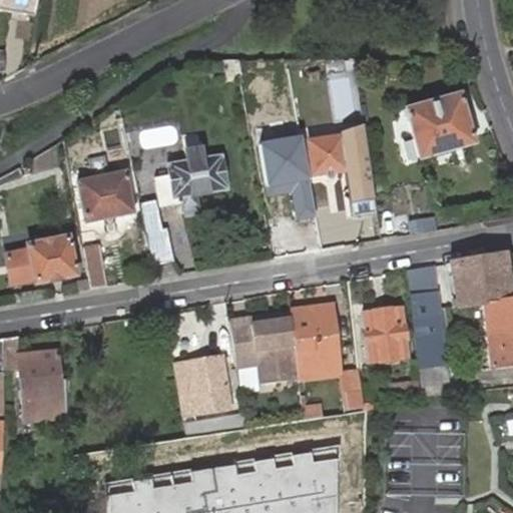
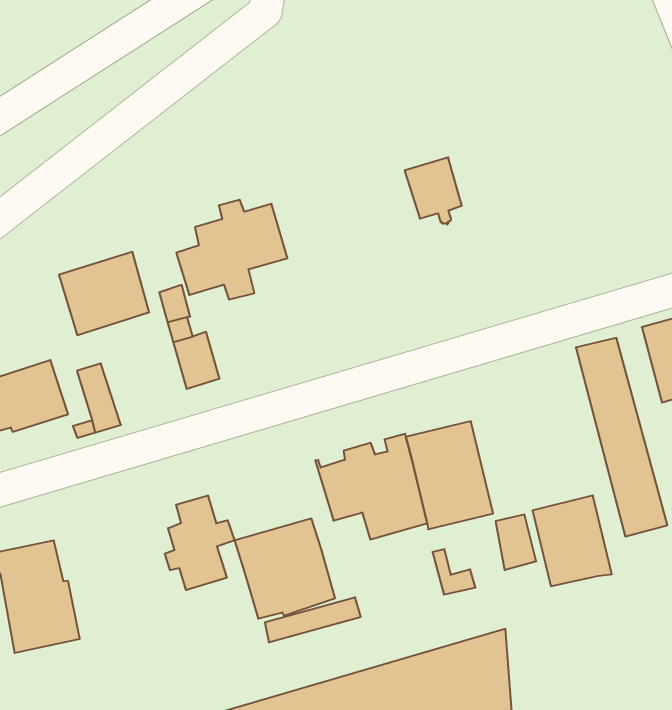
building: [405,94,474,158] -> none
building: [339,126,375,203] -> none
building: [262,134,318,217] -> none
building: [363,307,409,362] -> [532,495,612,586]
building: none -> [165,495,235,590]

